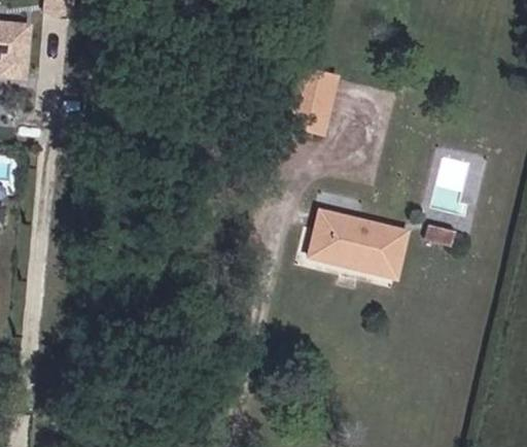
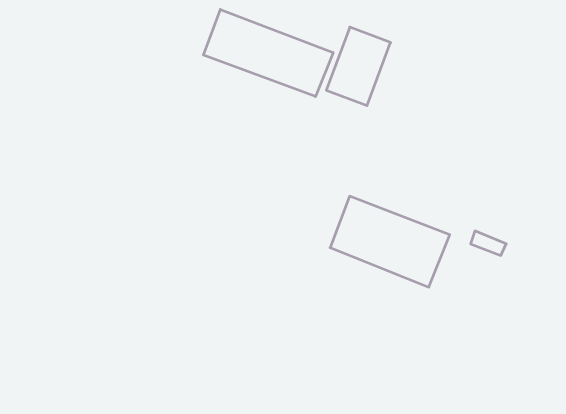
building: none -> [203,9,333,97]

